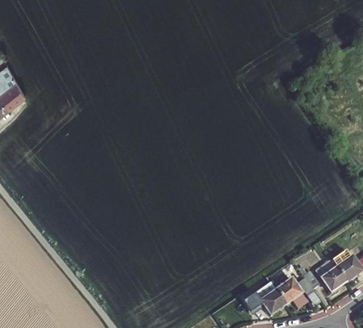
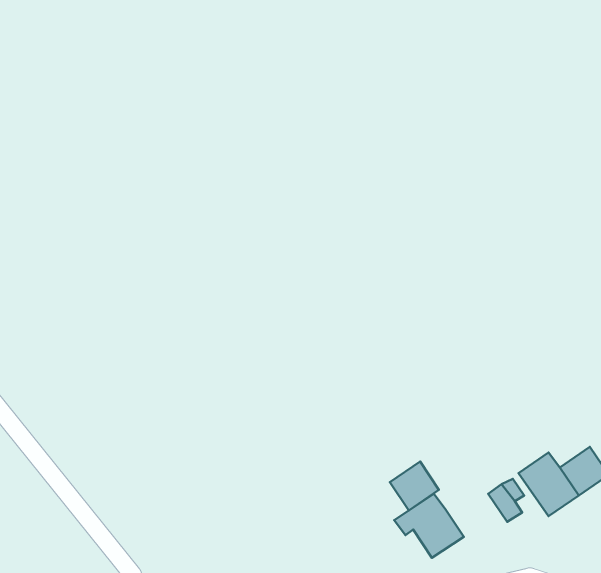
building: [276,278,302,304] -> [390,461,439,510]

